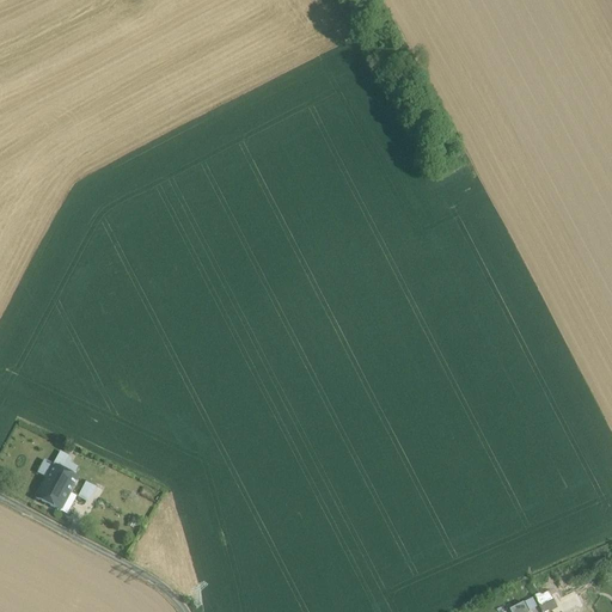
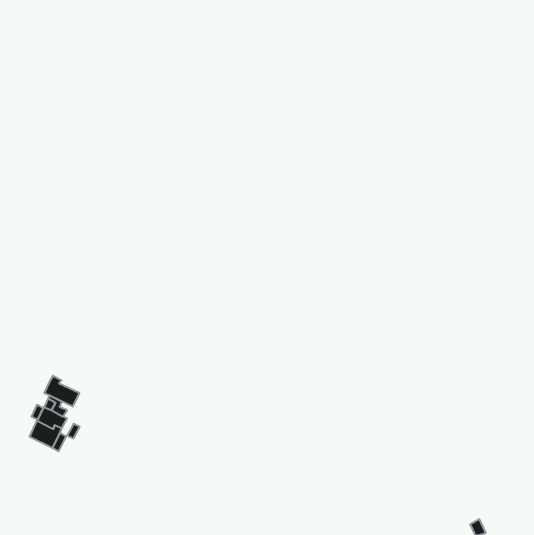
building: none -> [44,376,79,407]

